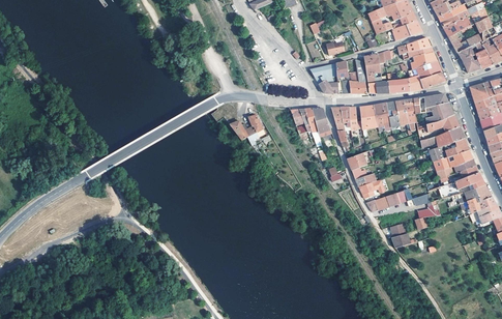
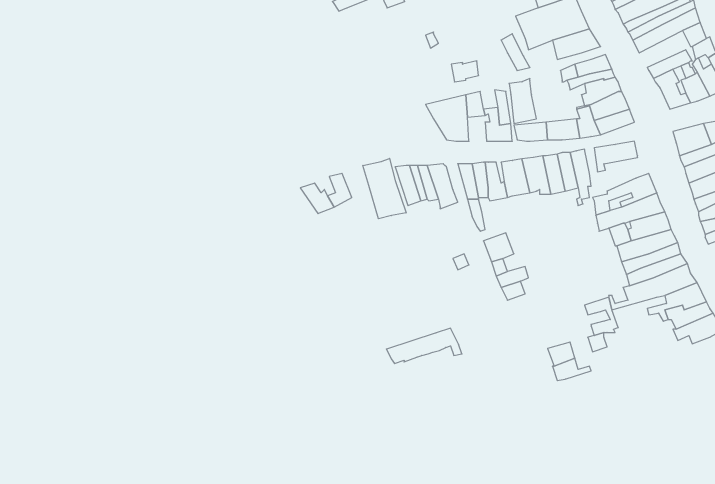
building: [416,103,454,129] -> none
building: none -> [363,158,406,219]
building: [366,188,415,211] -> [386,328,462,364]

